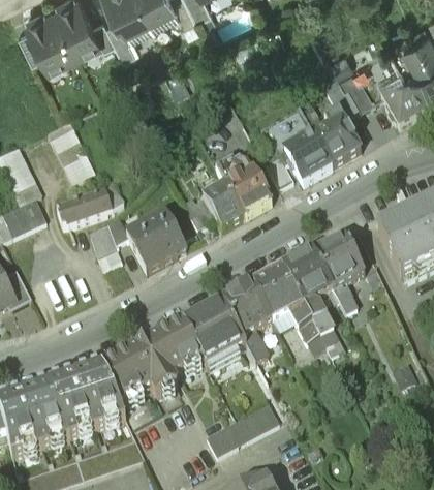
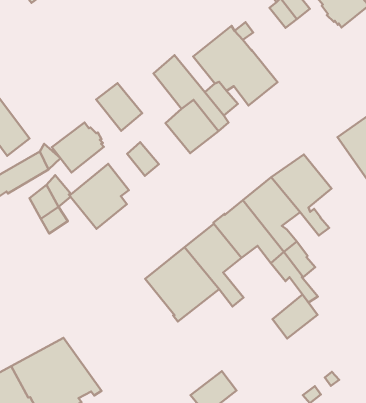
building: [314,114,361,165] -> none
building: none -> [52,123,104,173]
building: [204,185,243,228] -> [96,83,142,131]
building: [102,323,204,404] -> none
building: [238,400,279,437] -> [272,295,318,338]

